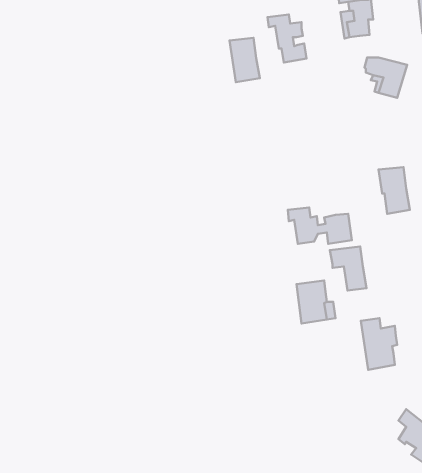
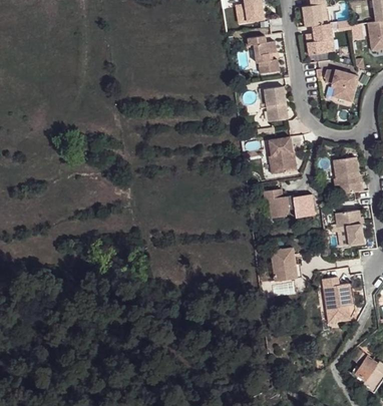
building: [230,38,260,82] -> [264,86,288,121]
building: none -> [269,136,294,173]
building: [330,246,366,291] -> [335,210,364,245]

